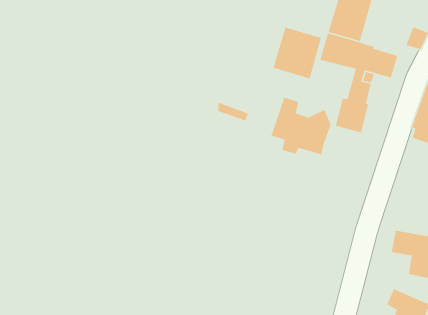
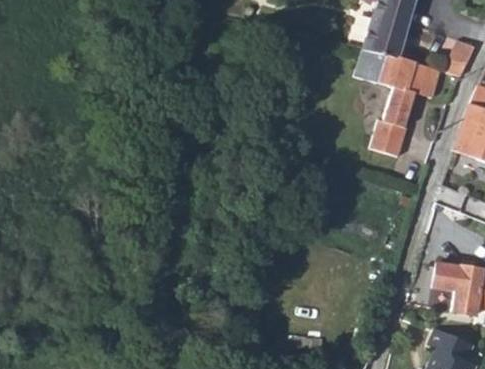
building: [272,26,322,80] -> none
building: [270,97,332,156] -> none

